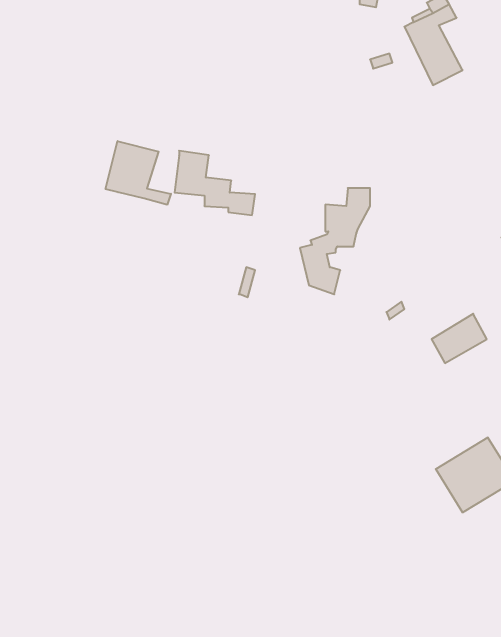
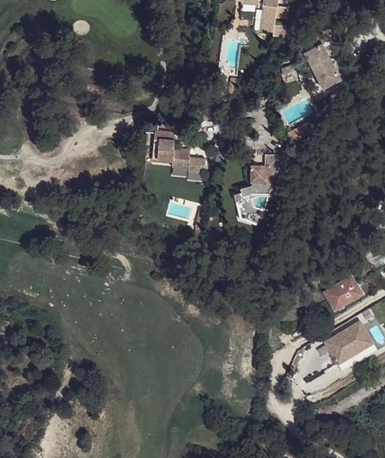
building: [106,141,171,205] -> none
building: [432,314,487,363] -> [323,274,360,307]

